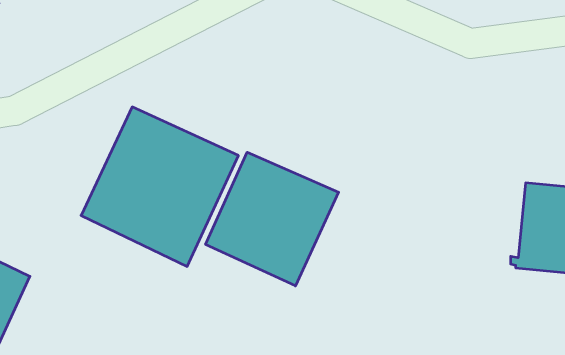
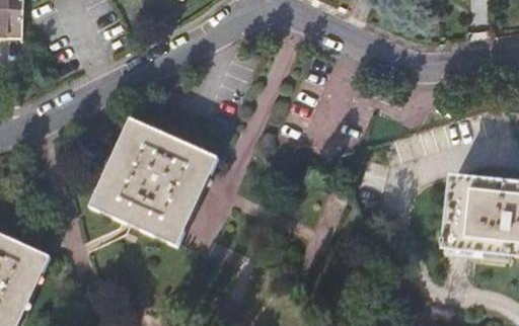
building: [206,152,339,286] -> none

